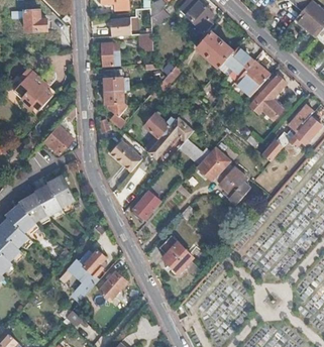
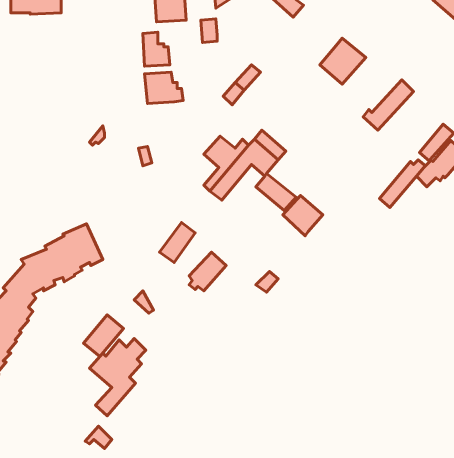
building: [197,32,233,68] -> none
building: [234,60,269,96] -> none
building: [14,67,53,110] -> none
building: [105,90,128,127] -> none
building: [44,125,73,153] -> none
building: [109,139,141,170] -> none
building: [214,166,250,203] -> none
building: [157,234,193,272] -> none
building: [97,272,124,301] -> [84,315,124,357]

